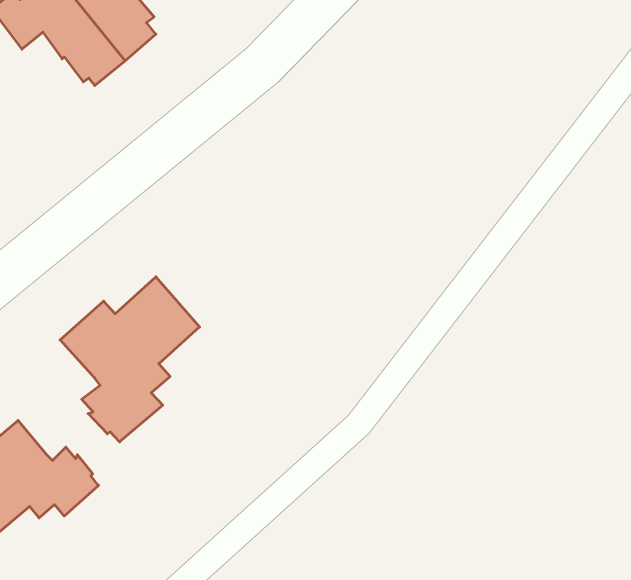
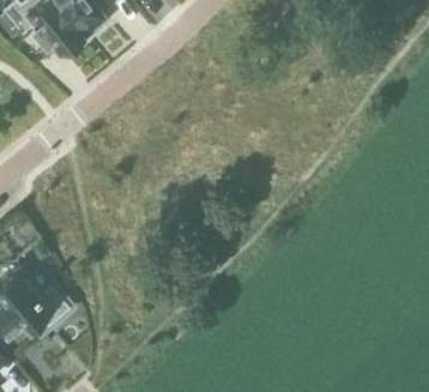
building: [60,277,200,442] -> none

